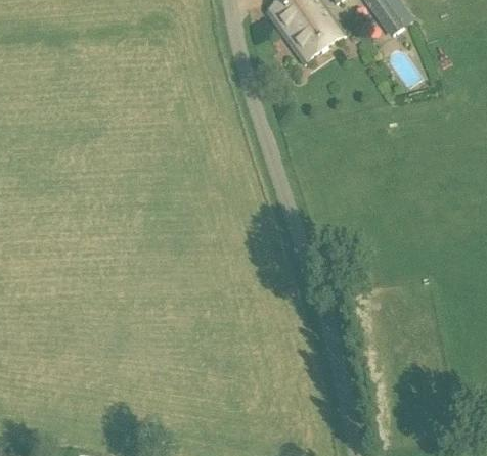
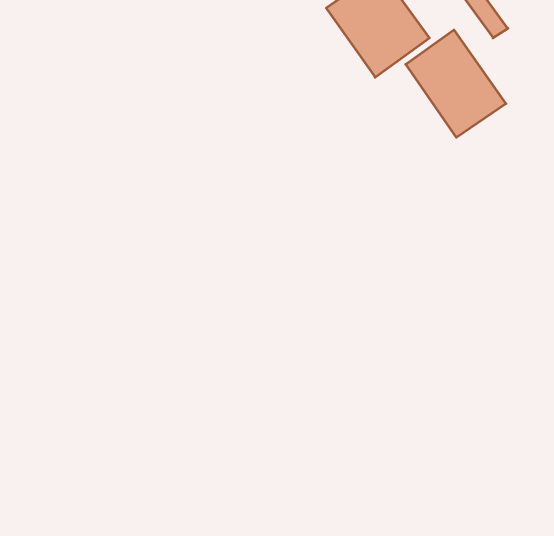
building: none -> [406,30,506,137]

